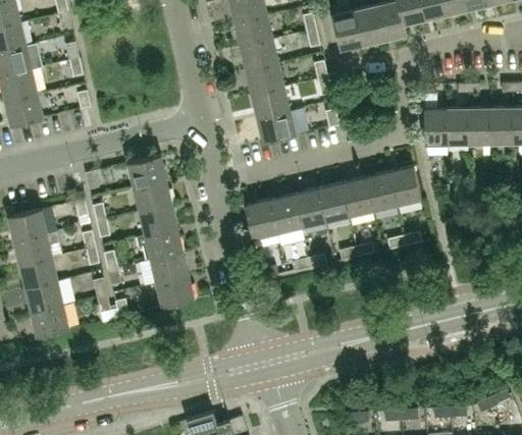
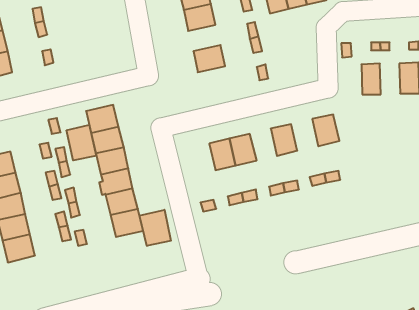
building: [246,64,283,95] -> none
building: [468,109,491,145] -> none
building: [424,110,448,145] -> none
building: [257,112,295,145] -> none
building: [365,173,397,210] -> none
building: none -> [67,125,96,160]
building: [317,184,349,221] -> none
building: [246,202,277,238] -> none
building: none -> [140,210,171,246]

